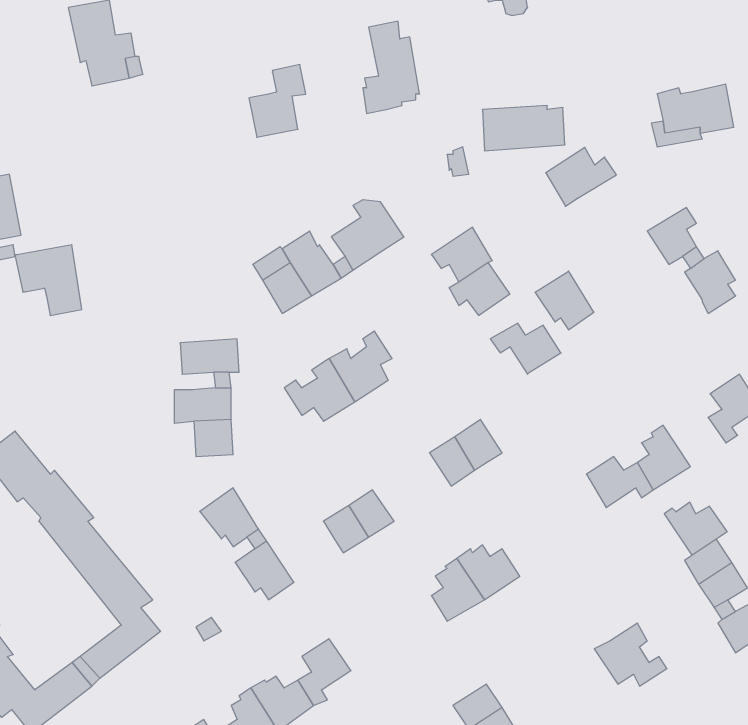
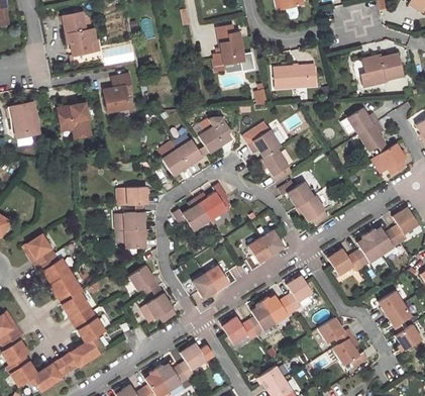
building: [249,65,306,137] -> [103,74,132,111]
building: [546,147,616,206] -> [343,105,380,135]
building: [15,245,82,316] -> [56,103,90,139]
building: [535,271,594,330] -> [299,193,329,223]
building: [664,502,727,555] -> [367,225,400,253]
building: none -> [285,274,313,309]
building: none -> [222,315,256,341]
building: none -> [319,315,354,342]

